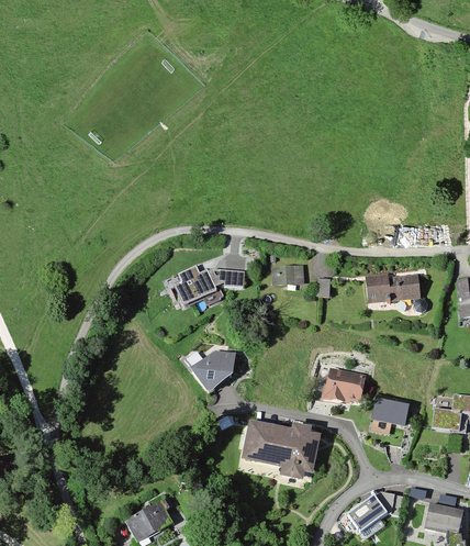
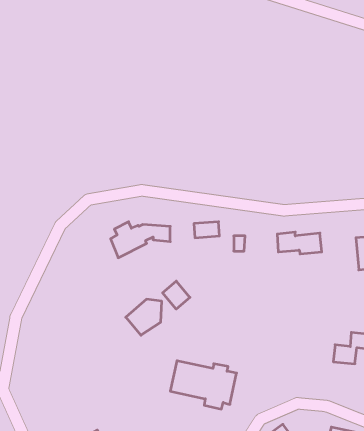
building: none -> [163,281,190,309]
building: [327,370,366,404] -> none
building: [376,398,409,426] -> none

